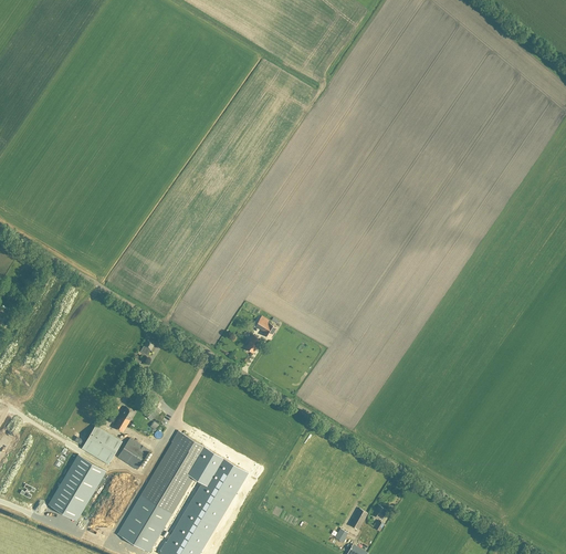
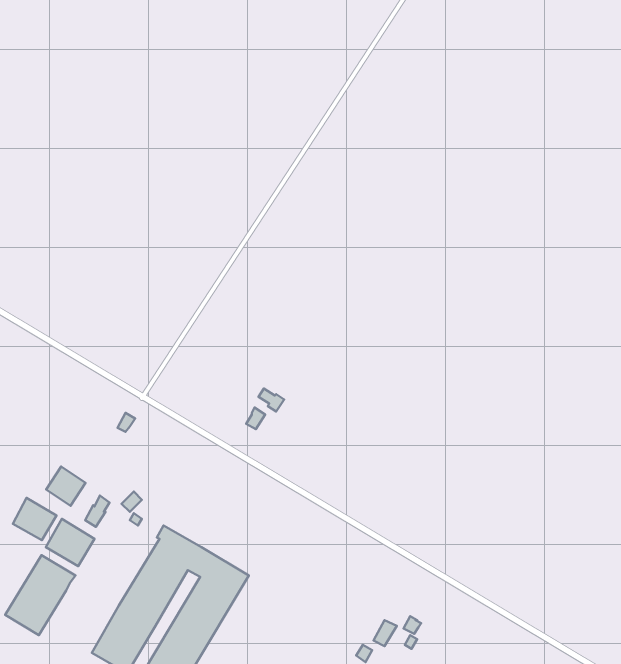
building: none -> [13,498,56,540]
building: [116,438,148,470] -> [46,467,85,506]

